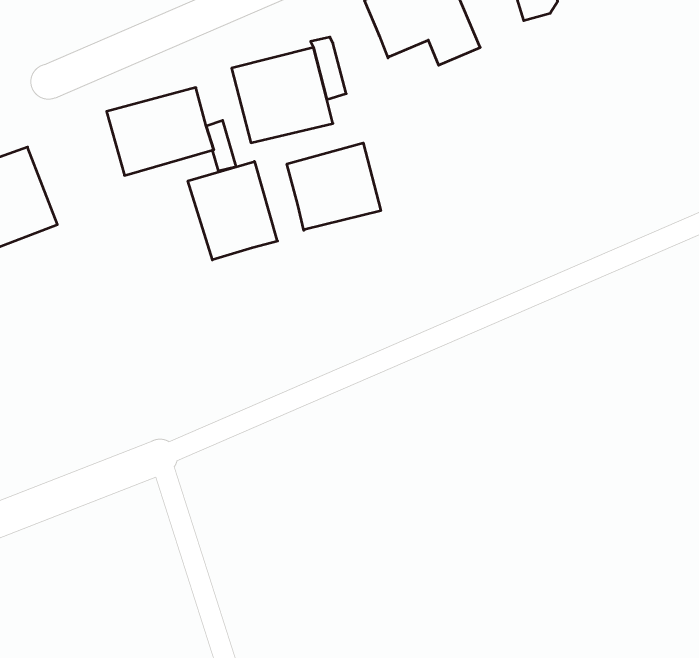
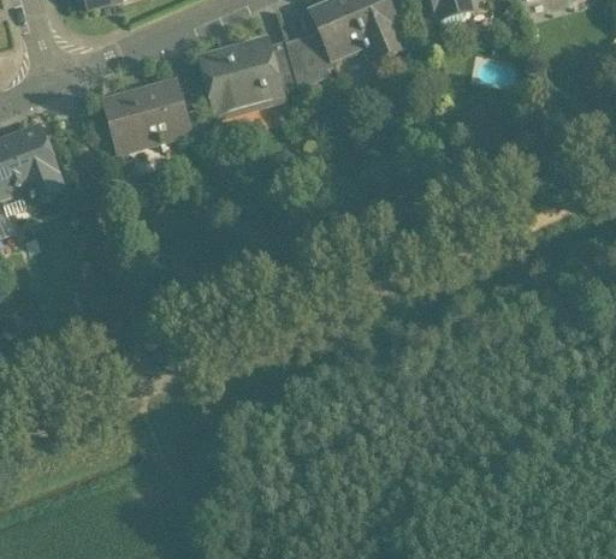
building: none -> [285,34,334,85]
building: [287,143,381,230] -> none
building: [188,161,278,260] -> none

